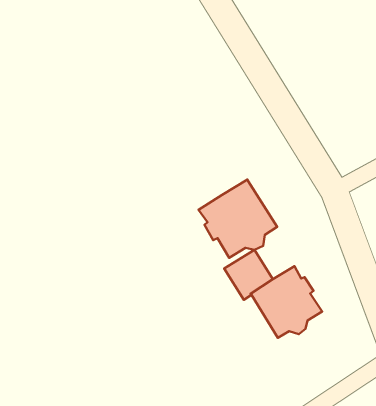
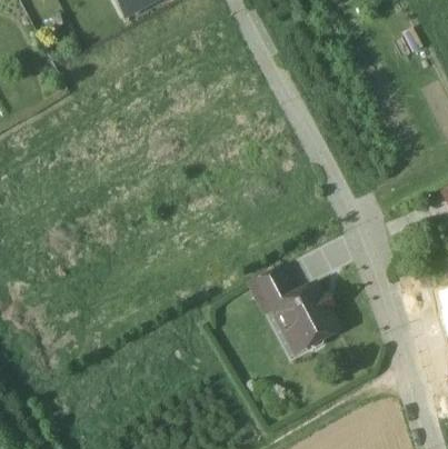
building: [199,179,277,258] -> none

